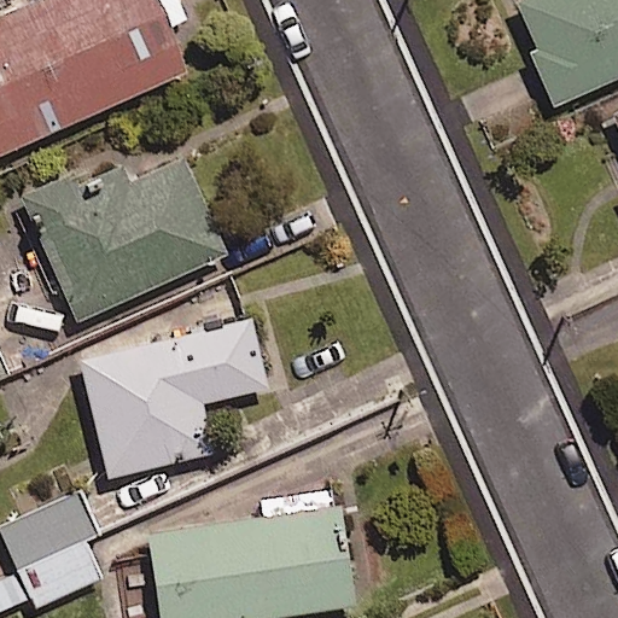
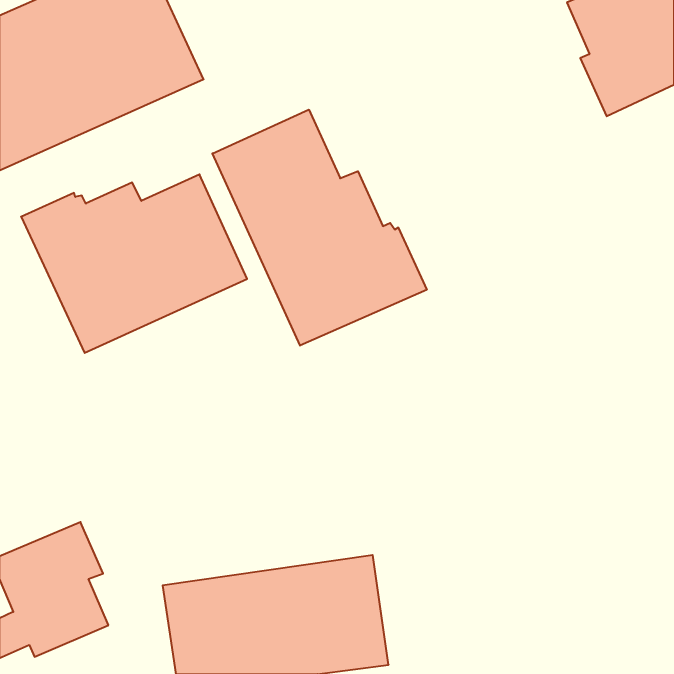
building: none -> [212,110,427,346]
building: [81,321,267,479] -> none

